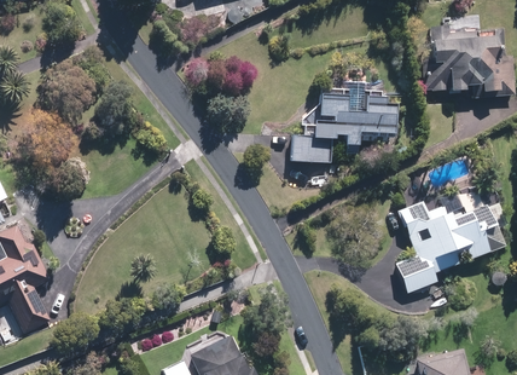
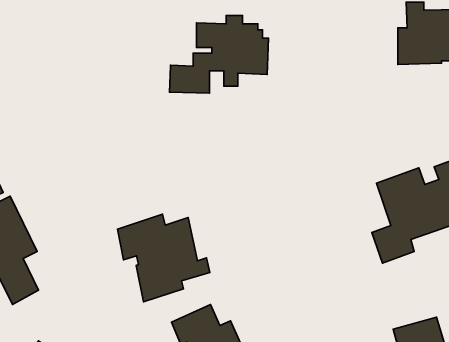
building: [290,81,391,161] -> [169,16,268,93]
building: none -> [118,214,210,302]

